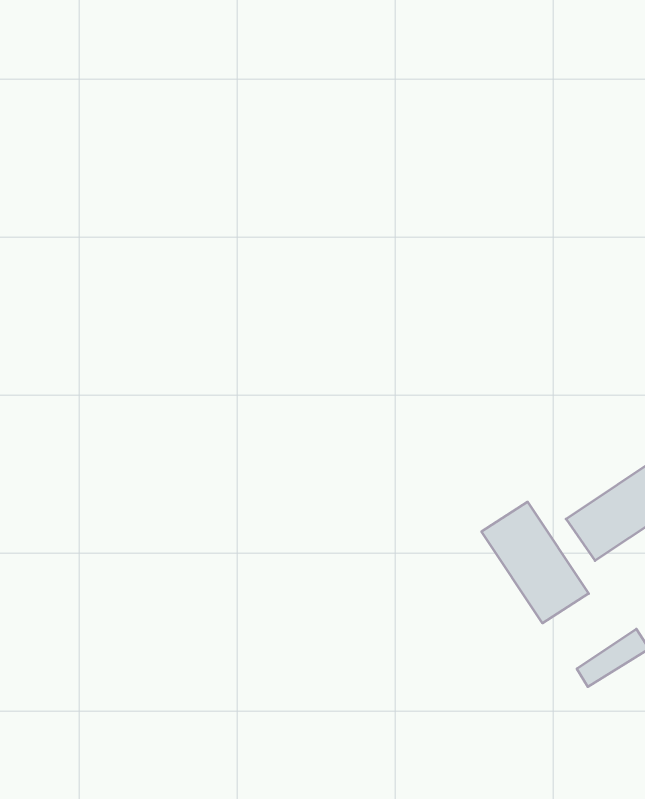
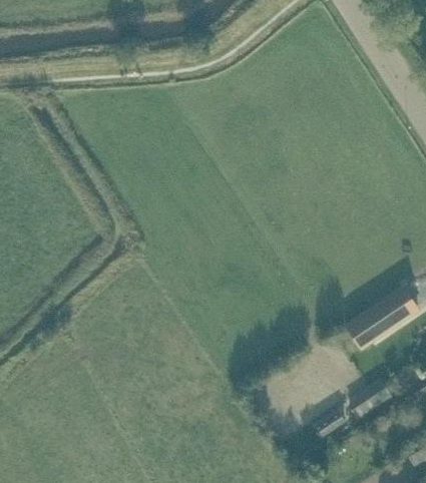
building: [482,502,589,623] -> none

